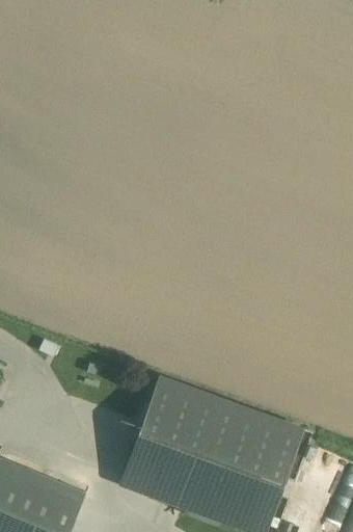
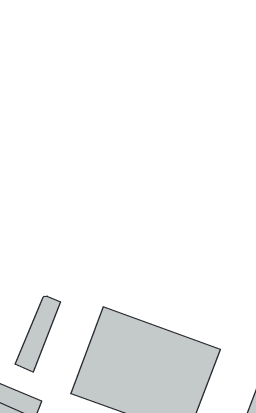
building: none -> [15,296,61,372]

